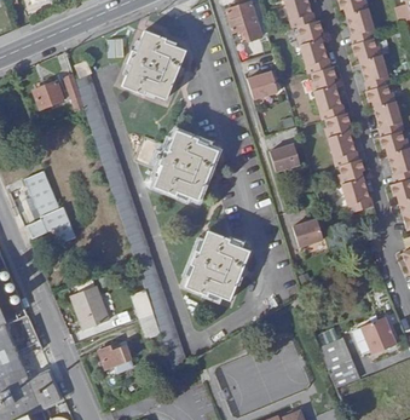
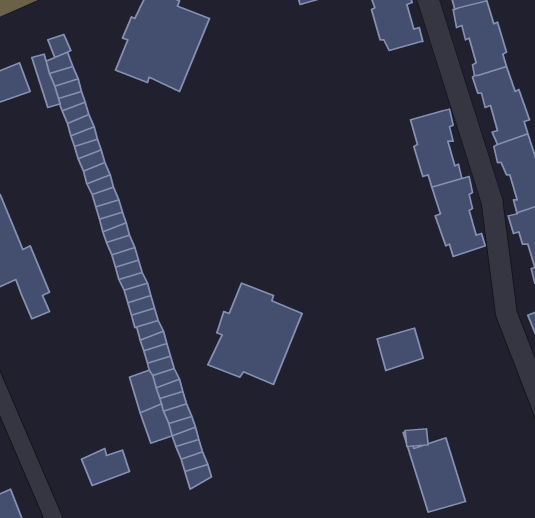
building: [308,65,346,120] -> none
building: [248,71,278,99] -> none
building: [135,131,218,201] -> none
building: [270,144,301,173] -> none
building: [293,219,324,248] -> [377,328,423,371]
building: [71,286,110,330] -> none
building: [359,311,394,347] -> none

